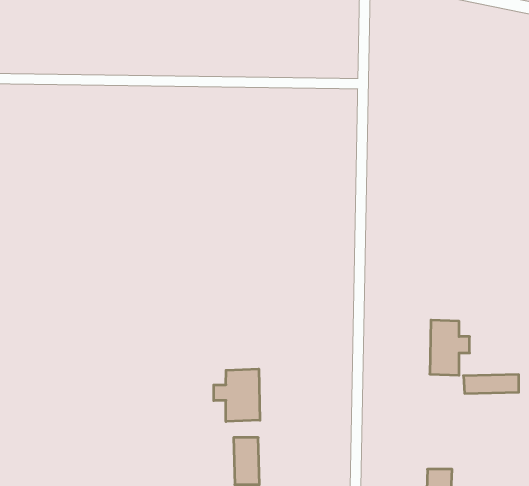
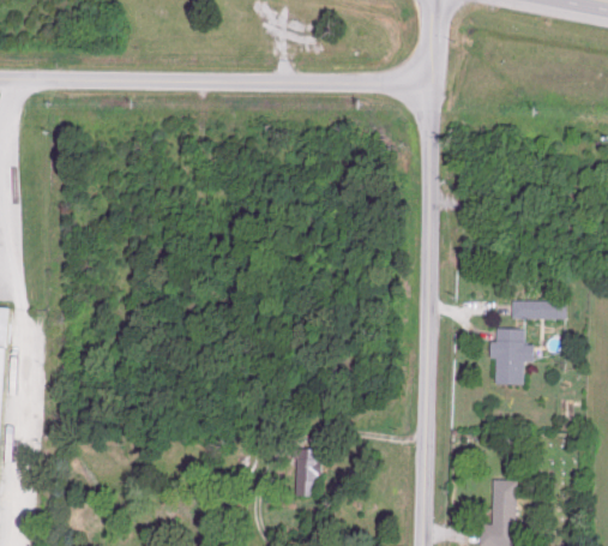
building: [214,369,260,422] -> none
building: [463,375,519,393] -> [507,301,564,320]

